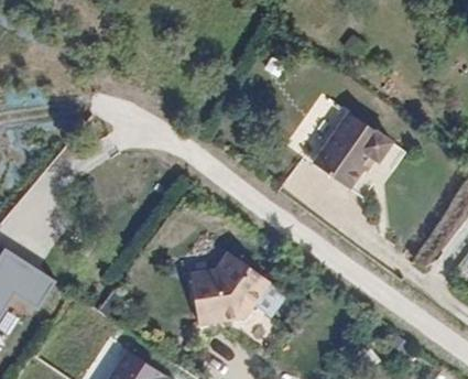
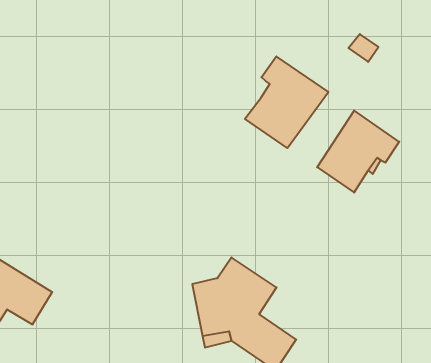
building: none -> [245,56,328,148]

